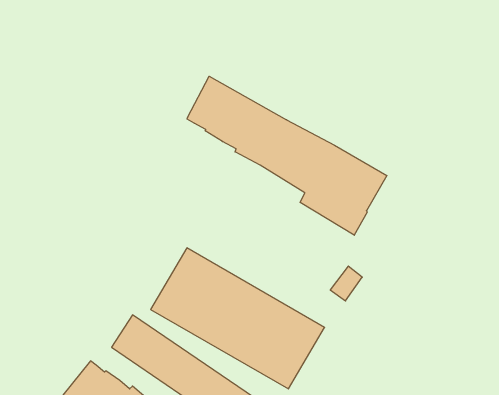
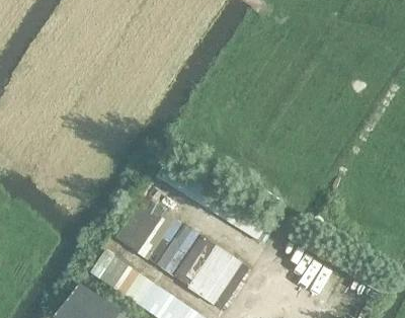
building: [187,76,387,235] -> none

